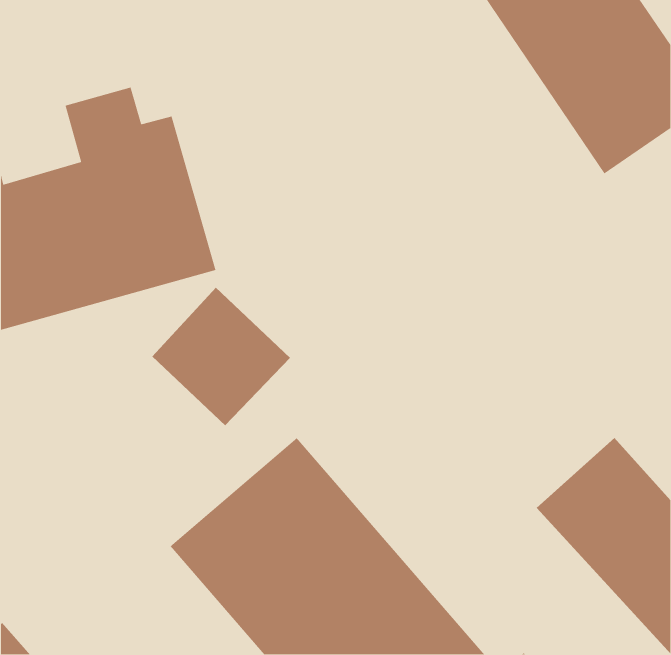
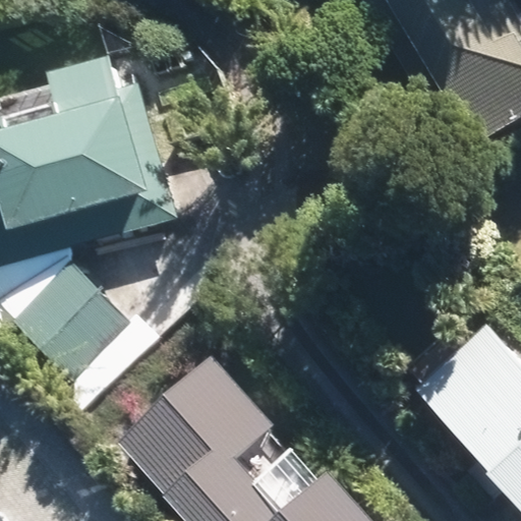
building: [151,287,291,426] -> [16,263,124,370]

